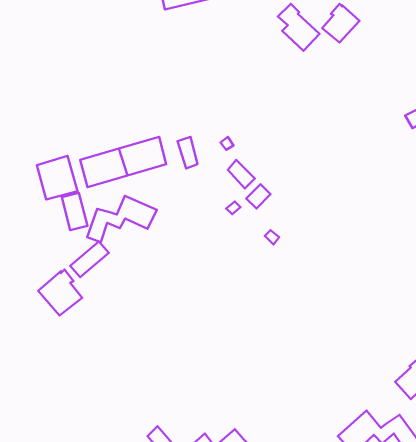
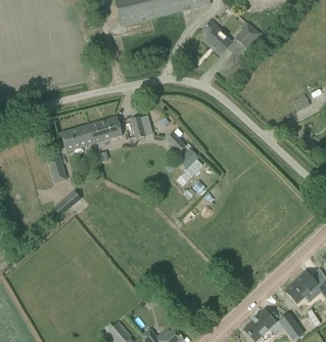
building: [37,156,78,199] -> none
building: [87,196,157,242] -> none
building: [38,269,82,316] -> none

